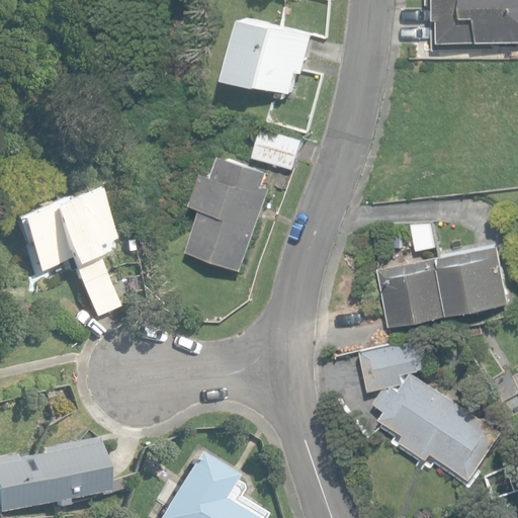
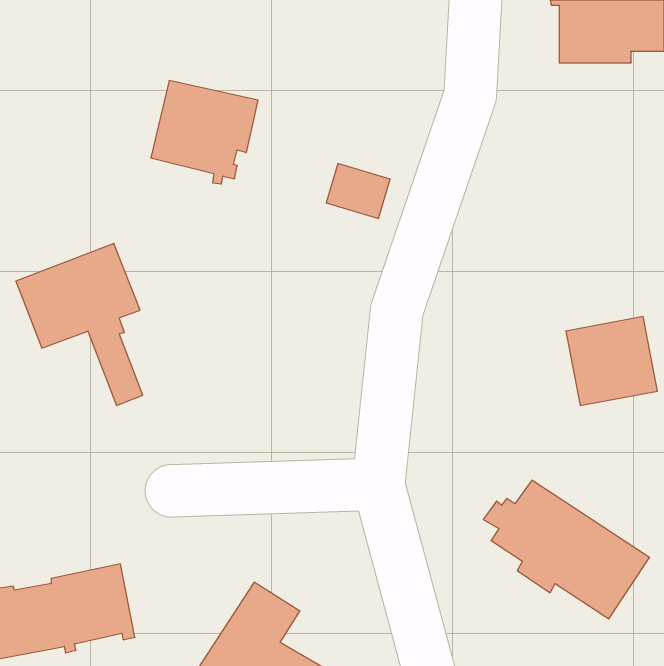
building: [229,18,312,98] -> [151,81,258,184]
building: [186,157,269,271] -> none
building: [377,258,448,328] -> none
building: [355,336,424,388] -> none

